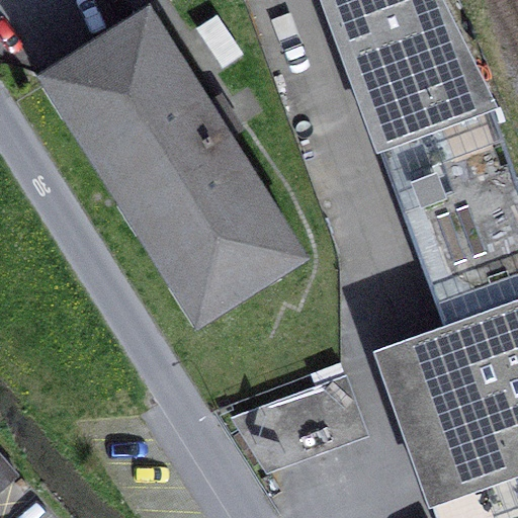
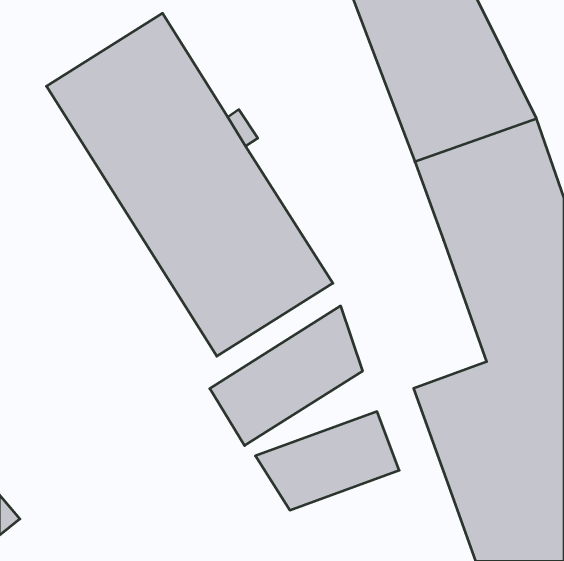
building: none -> [210,306,362,446]

